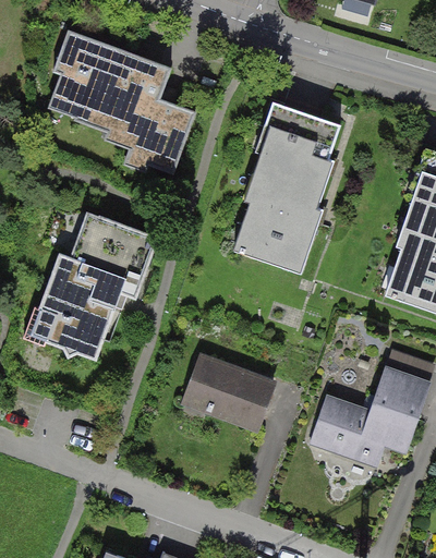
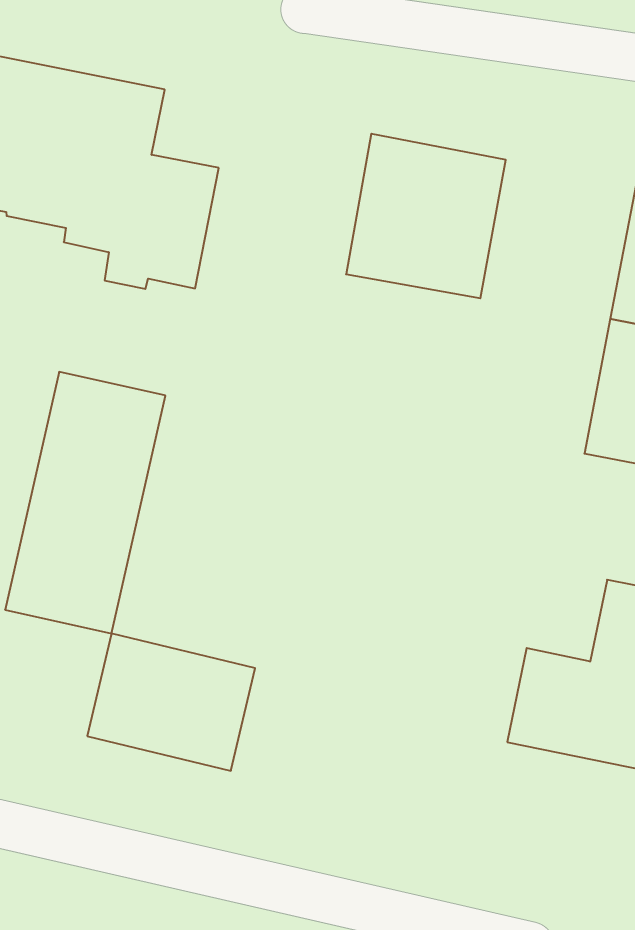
building: [229,177,326,275] -> none
building: [178,352,275,436] -> [87,633,255,771]

